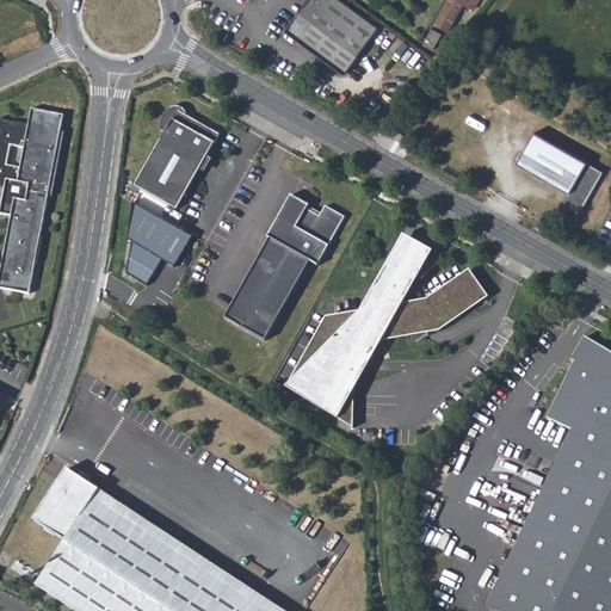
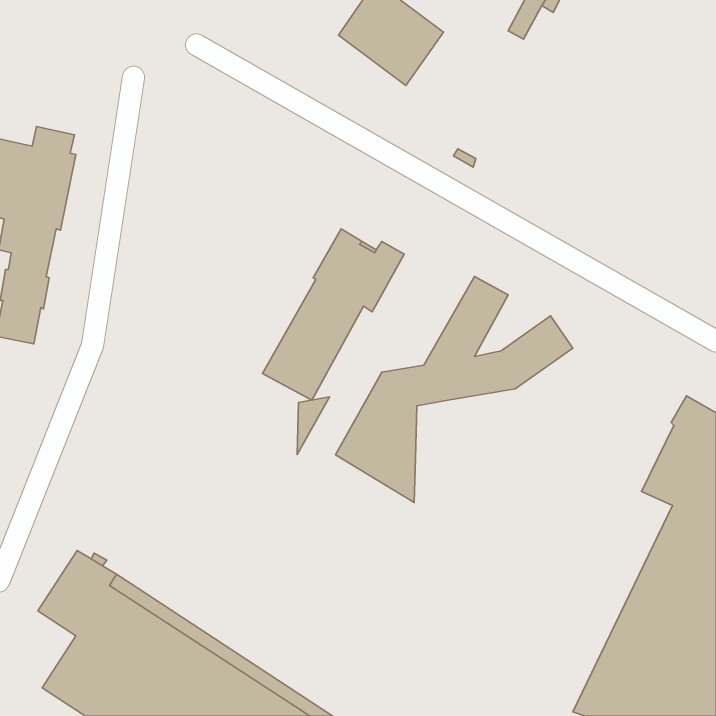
building: [134,104,218,209] -> none
building: [516,131,603,210] -> none
building: [126,203,191,285] -> none
building: [353,340,381,389] -> [297,397,330,454]

